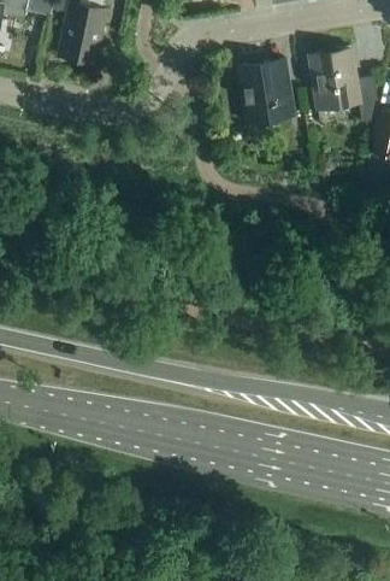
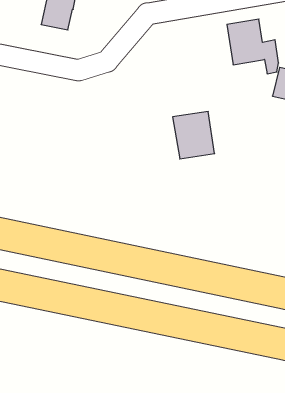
building: [238,59,295,123] -> [173,112,215,159]

